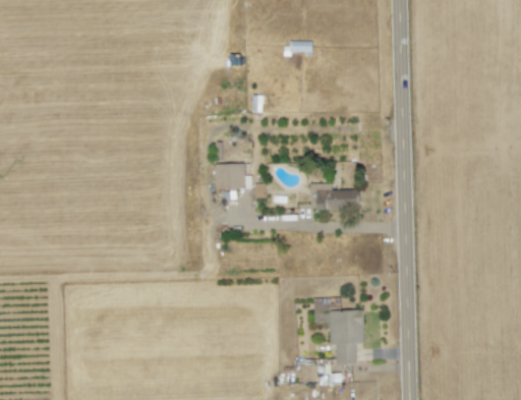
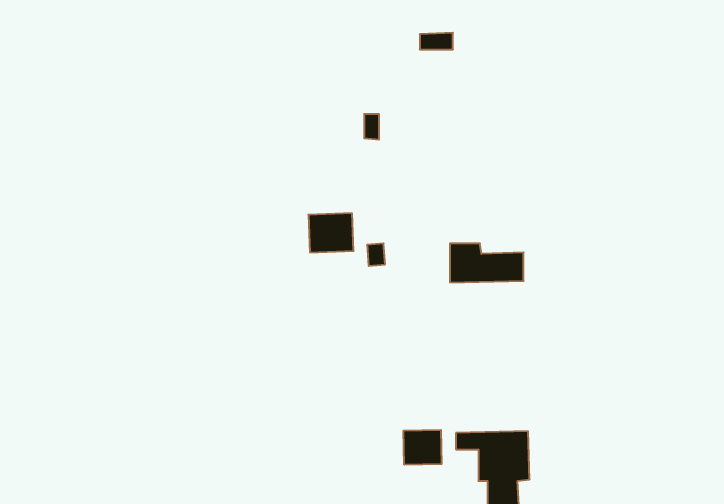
building: none -> [404,430,442,465]

